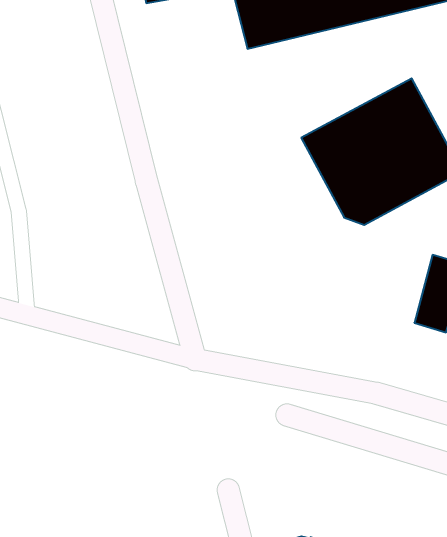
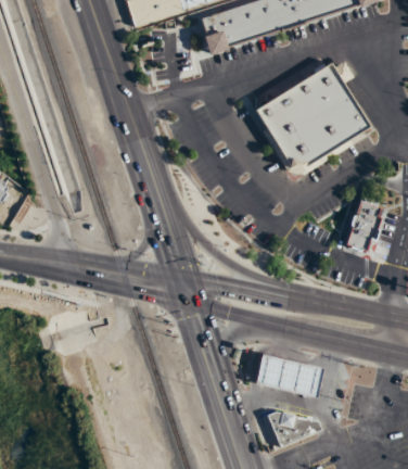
building: none -> [254,352,323,397]

